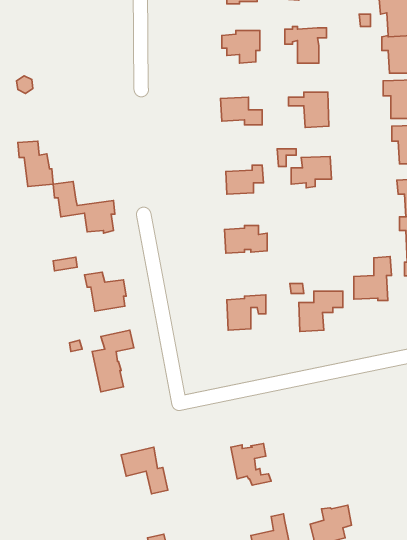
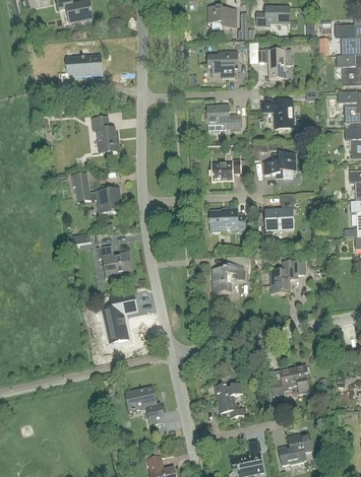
building: none -> [62,54,102,88]
building: [18,141,53,187] -> [92,117,120,153]
building: [354,256,392,301] -> [265,194,296,229]
building: none -> [272,365,309,397]

